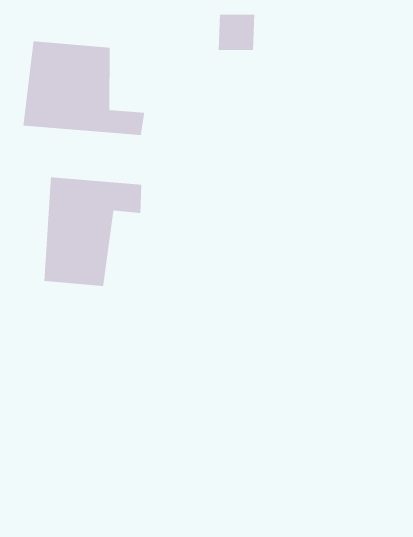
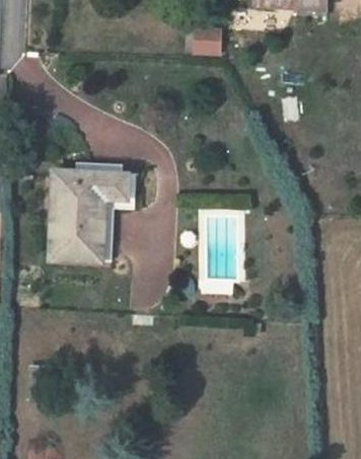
building: [23,41,145,136] -> none

